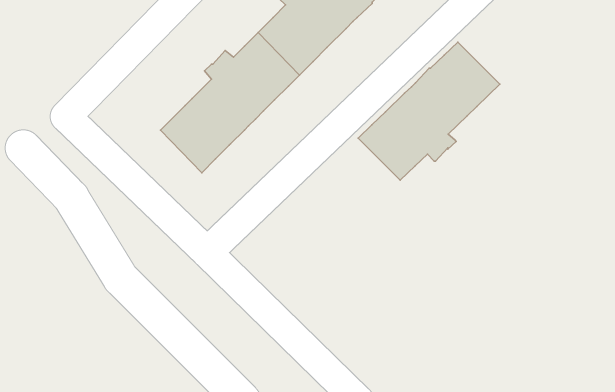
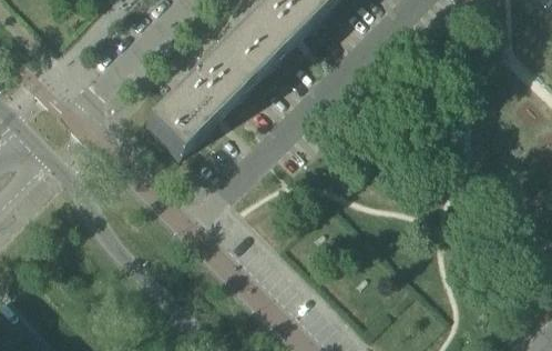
building: [358,42,500,180] -> none

